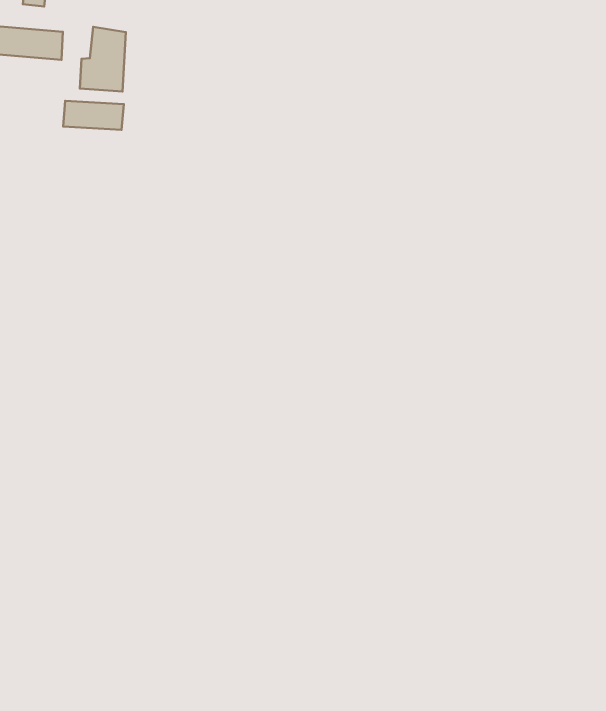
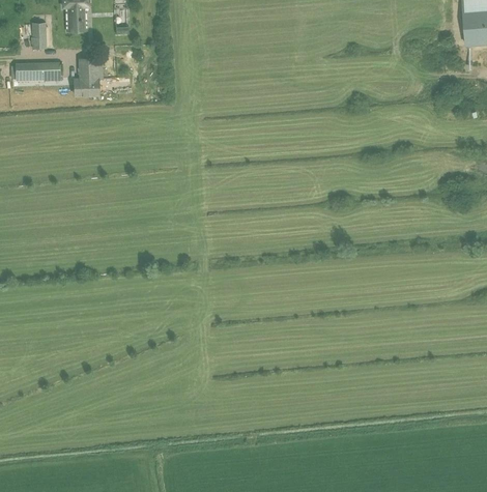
building: [63,101,124,130] -> none

